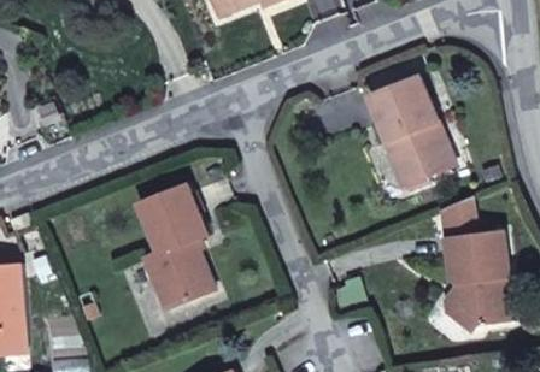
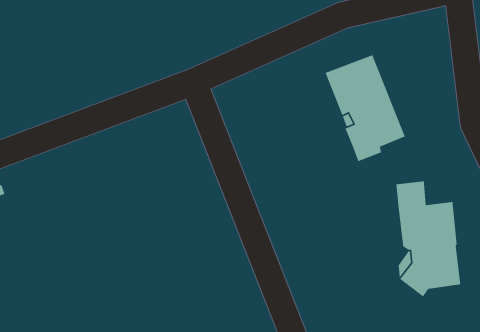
building: [139,185,213,308] -> none

